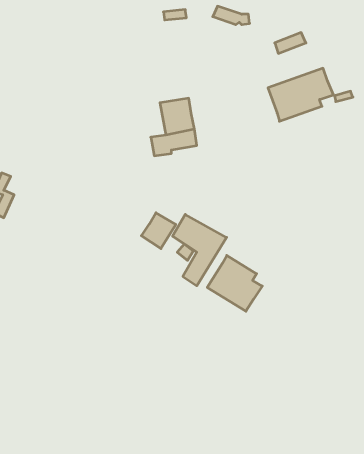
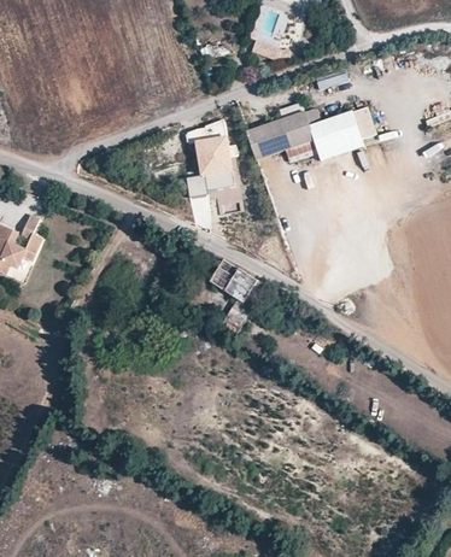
building: none -> [246,110,318,162]
building: [141,213,176,249] -> none
building: [207,255,262,311] -> none

